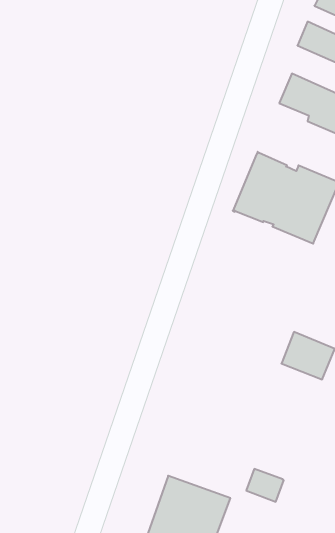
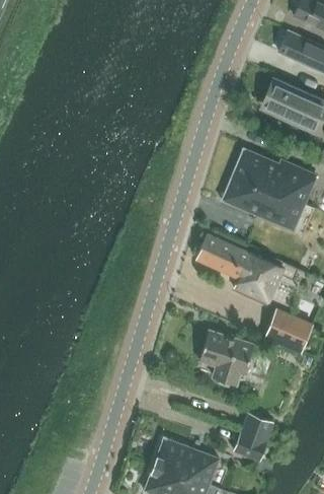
building: none -> [196,235,284,304]
building: none -> [200,332,256,386]
building: none -> [242,413,274,441]

